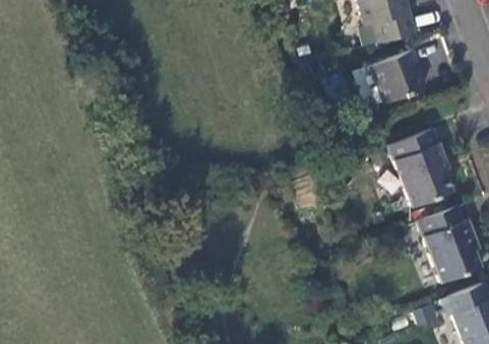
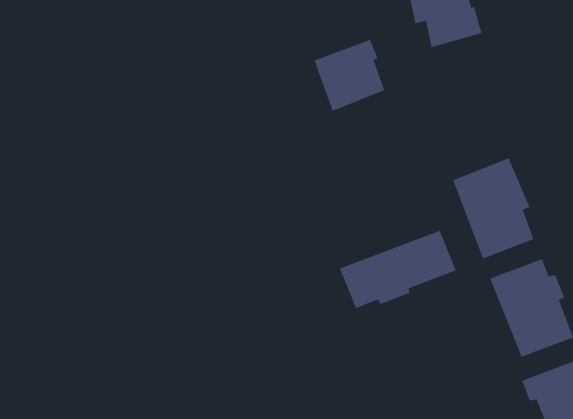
building: [365,51,420,107] -> [313,39,385,112]
building: none -> [339,230,457,309]

